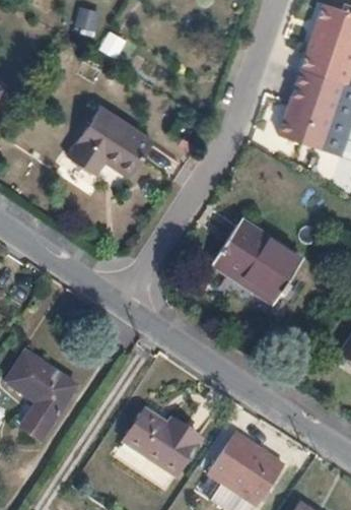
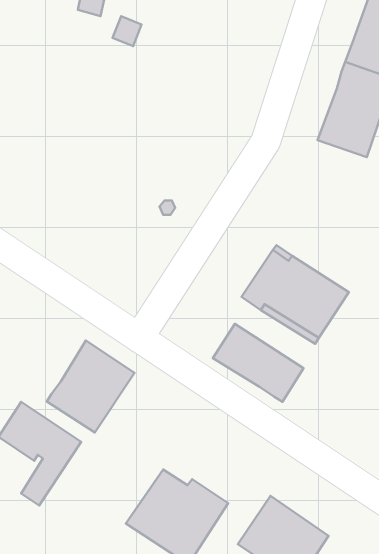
building: [68,106,152,175] -> none
building: none -> [213,324,304,402]
building: none -> [47,341,135,433]

